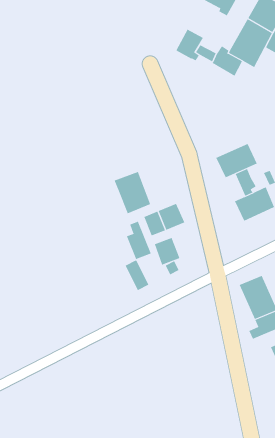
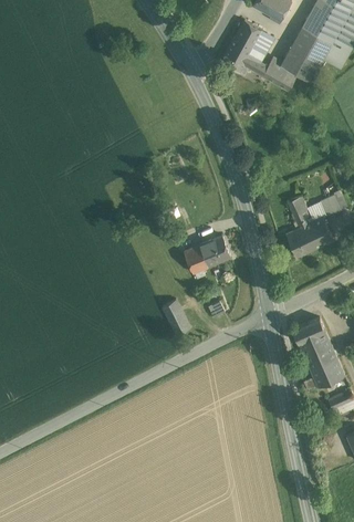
building: none -> [233,20,262,48]
building: [216,143,257,178] -> none
building: [114,171,151,214] -> none
building: [126,221,151,260] -> none
building: [154,237,180,266] -> none

